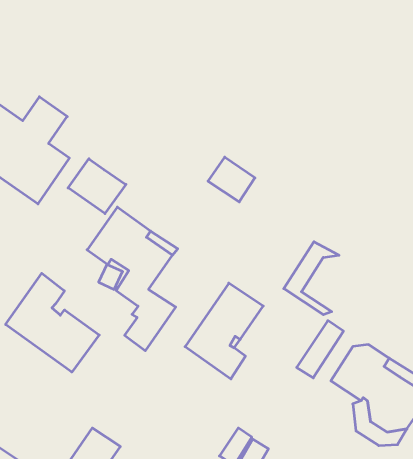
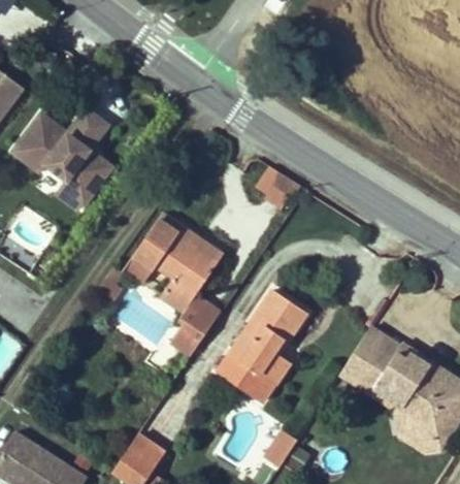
building: [68,159,126,214] -> none
building: [284,242,339,315] -> [357,336,412,409]
building: [6,273,99,372] -> none
building: none -> [218,352,275,401]

